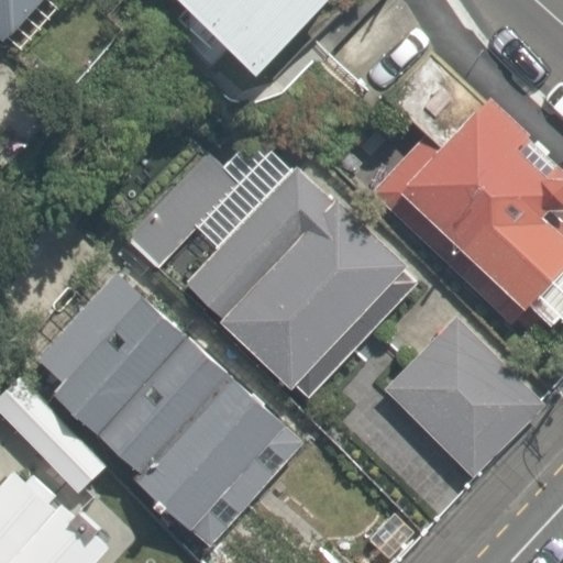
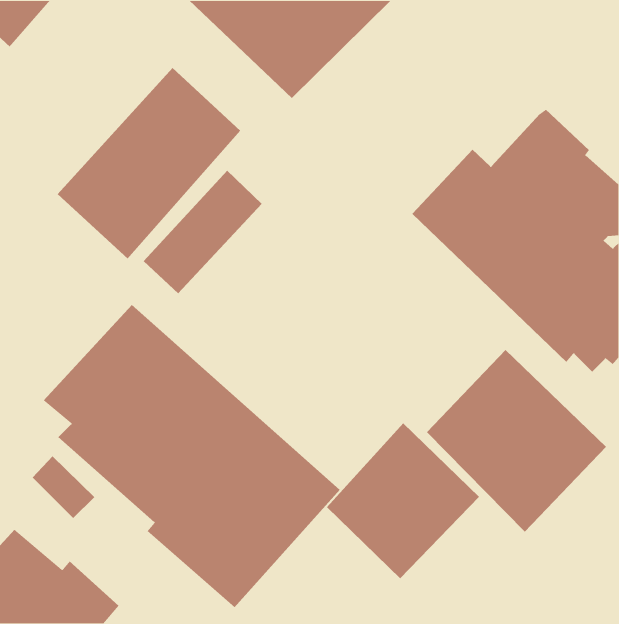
building: none -> [57,67,241,260]
building: [187,165,406,388] -> none
building: none -> [326,423,480,579]

